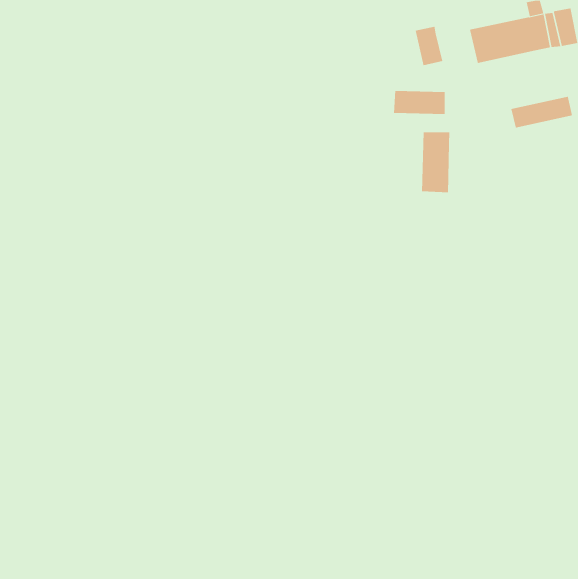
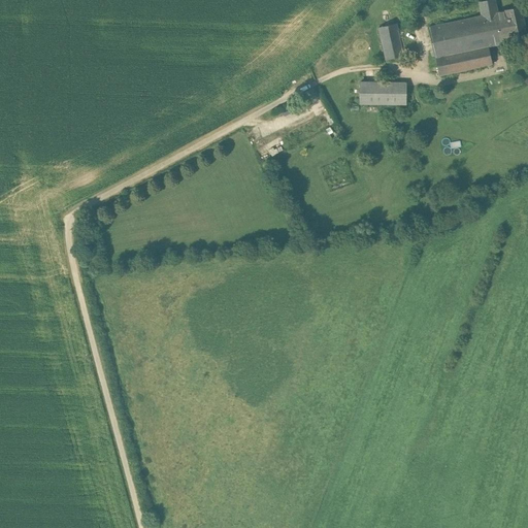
building: [511,96,573,128] -> [434,46,491,75]
building: [422,131,450,193] -> none

